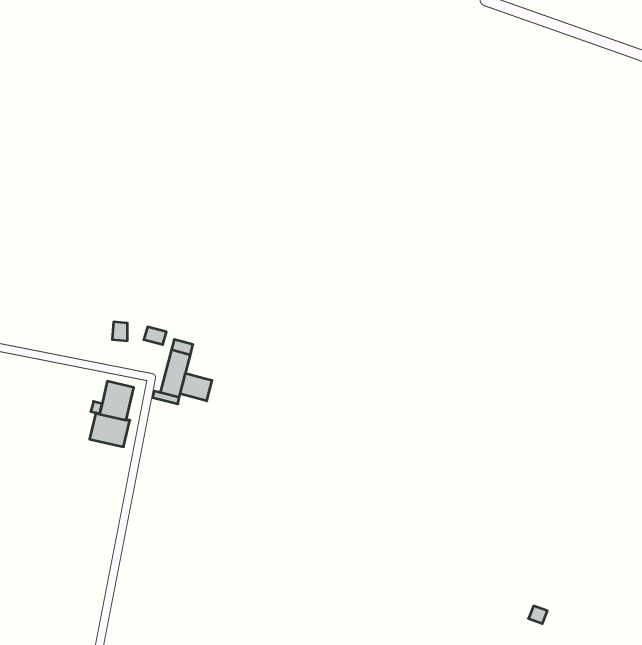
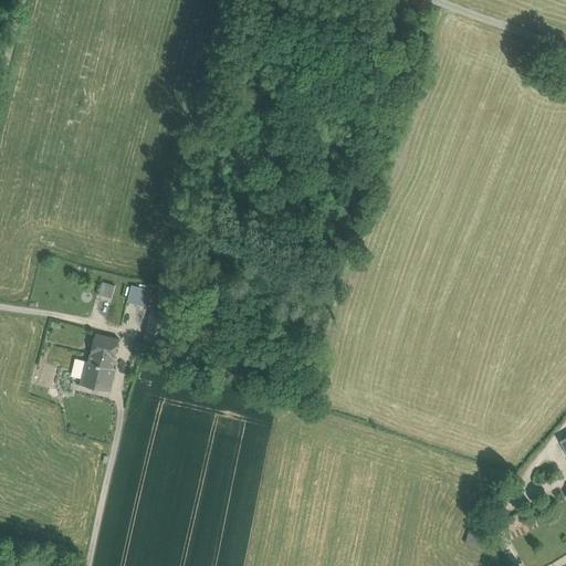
building: [180,373,212,401] -> none

